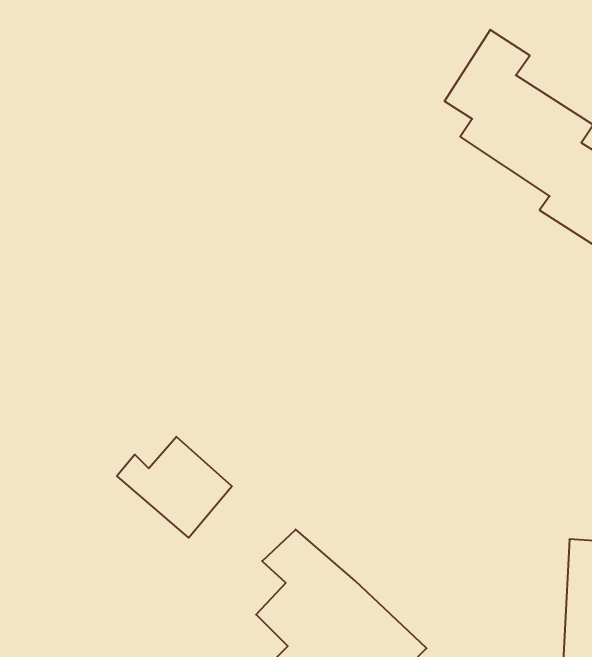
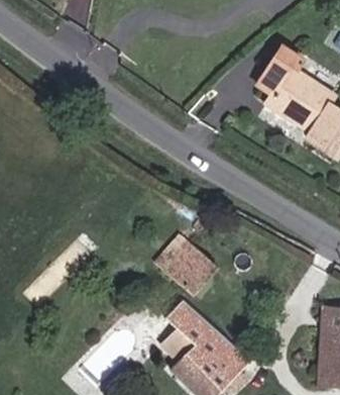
building: [117,437,232,538] -> [155,242,214,294]

